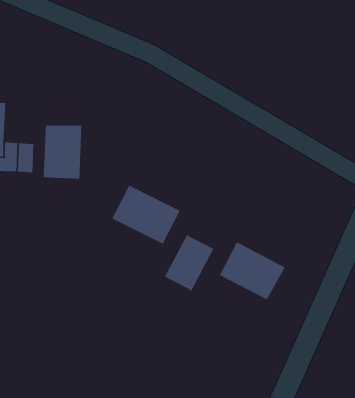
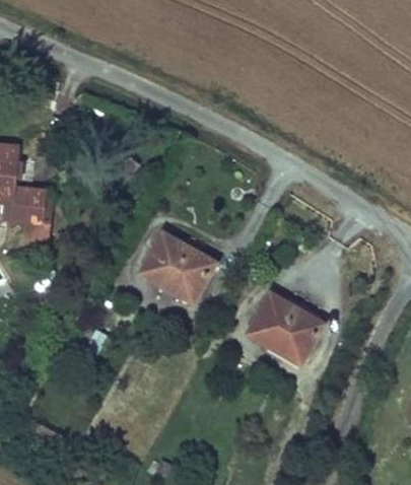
building: [43,125,82,179] -> none
building: [164,234,215,291] -> none

